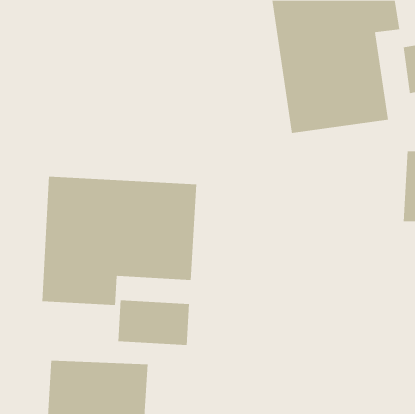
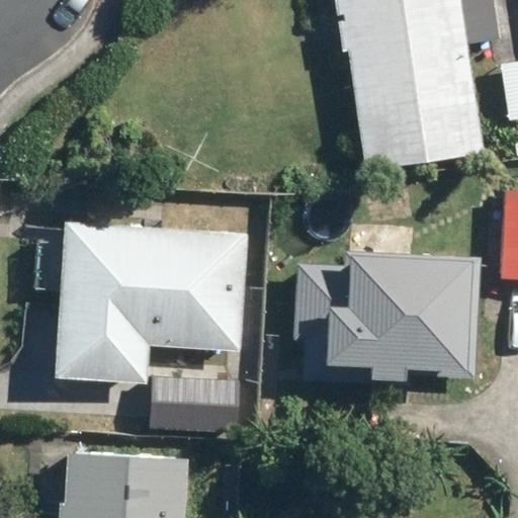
building: none -> [298,257,480,382]

